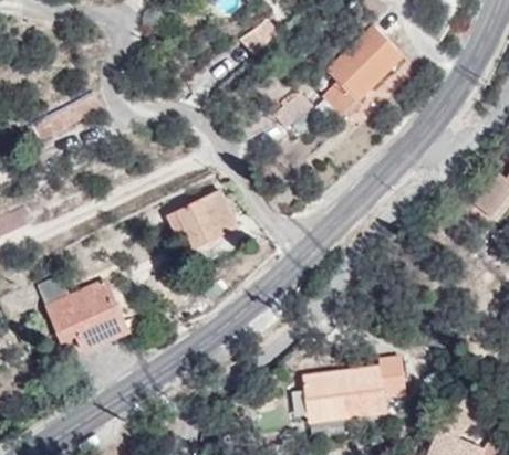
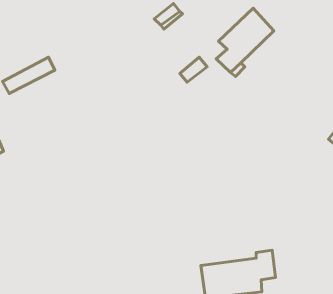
building: [167,190,237,247] -> none
building: [37,274,127,350] -> none

